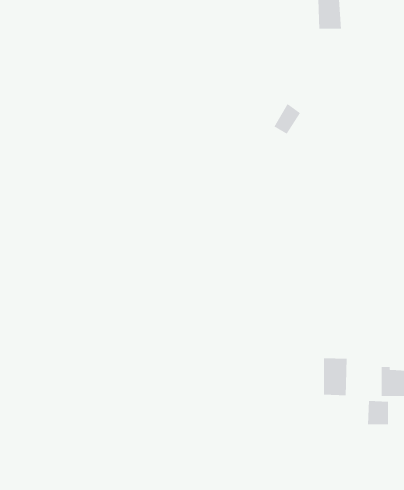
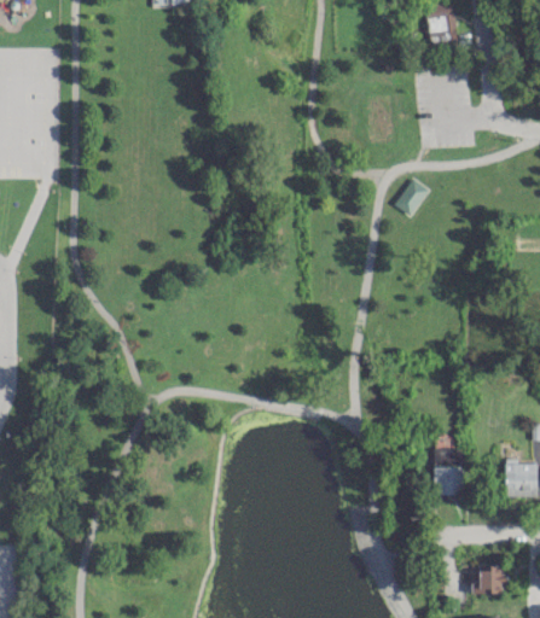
building: [274,103,301,134] -> [395,177,429,216]
building: [367,401,389,425] -> [476,564,503,594]

